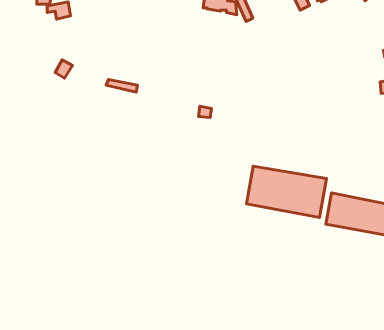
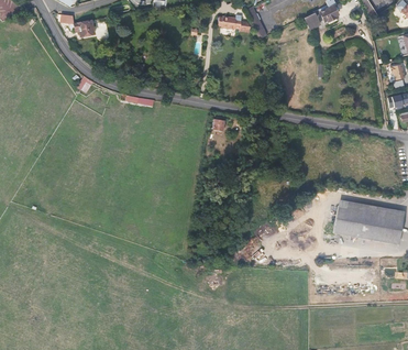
building: [246,166,327,217] -> none

